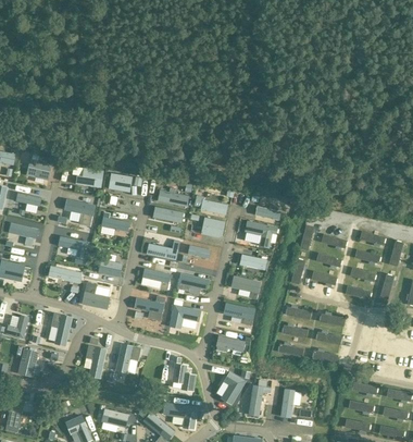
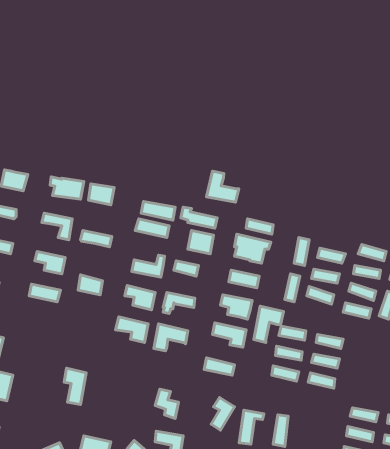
building: none -> [206,171,239,202]
building: [80,282,109,309] -> none
building: none -> [254,306,283,342]
building: [48,314,71,344] -> none
building: [116,344,139,373] -> none

